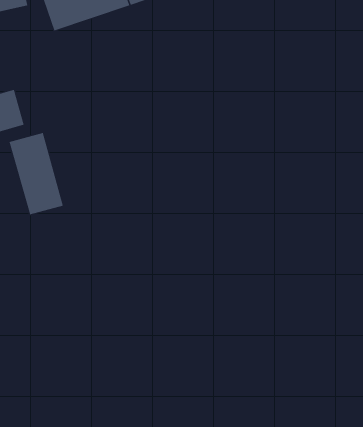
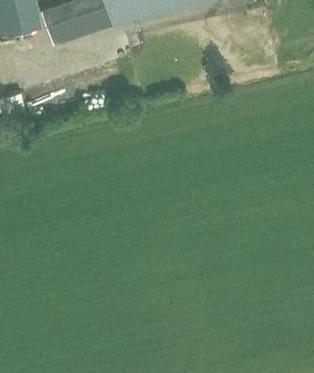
building: [9,132,64,215] -> none

